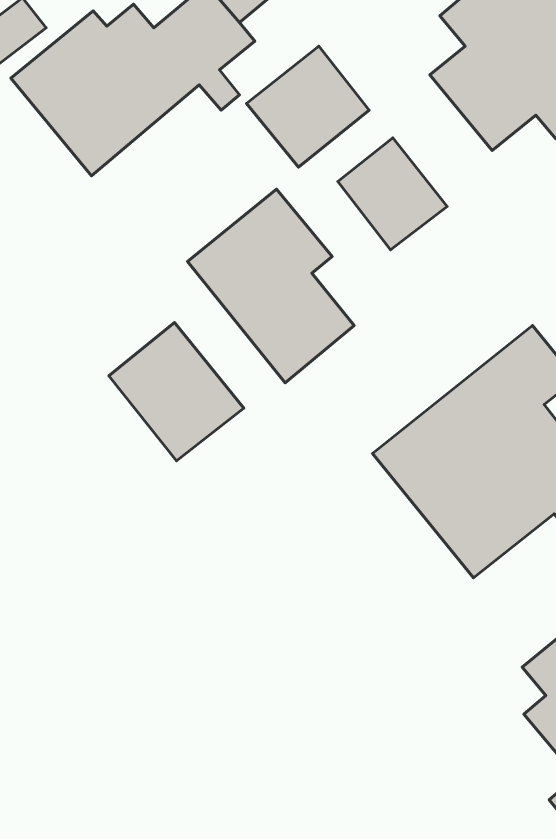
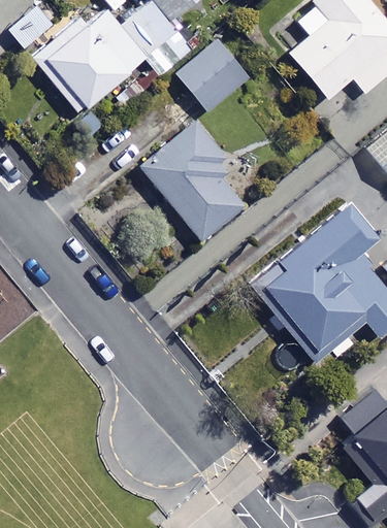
building: [338,138,447,250] -> none
building: [109,323,244,461] -> none

